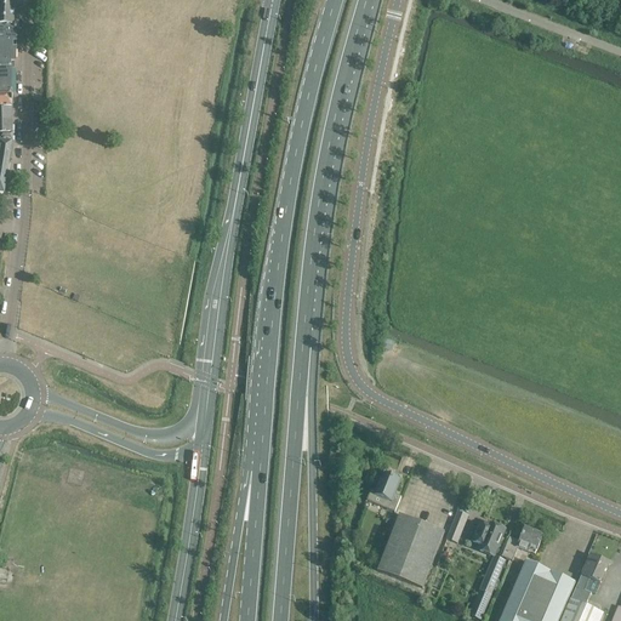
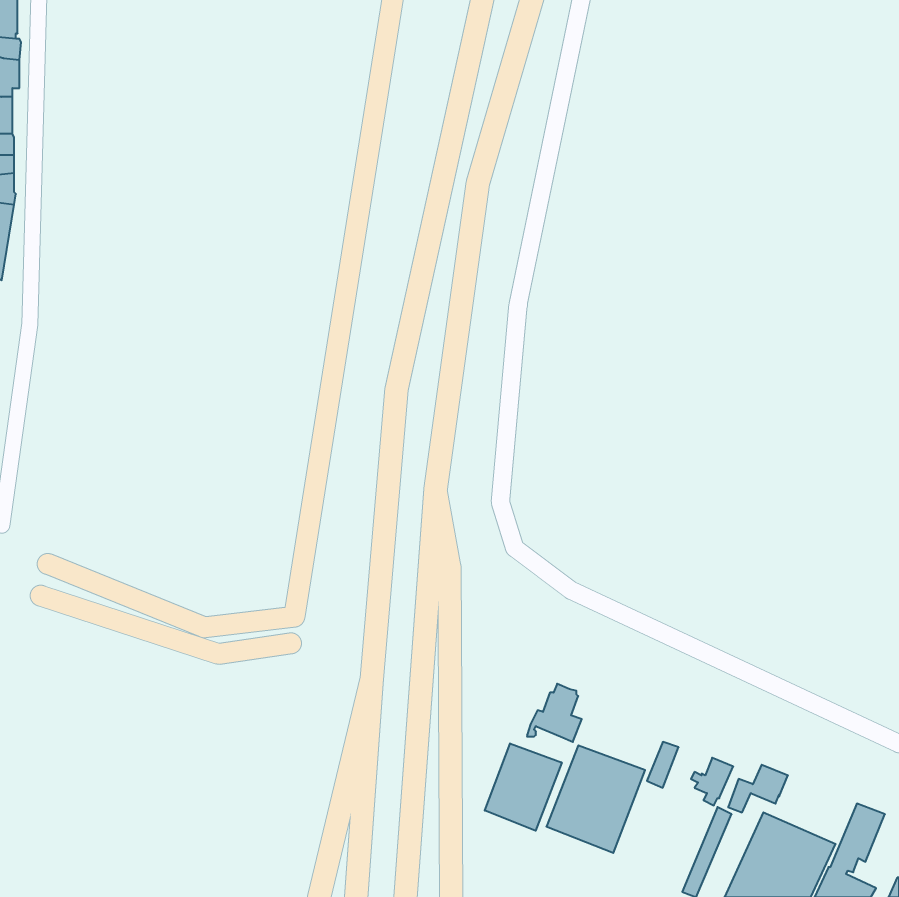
building: none -> [485,743,562,831]

